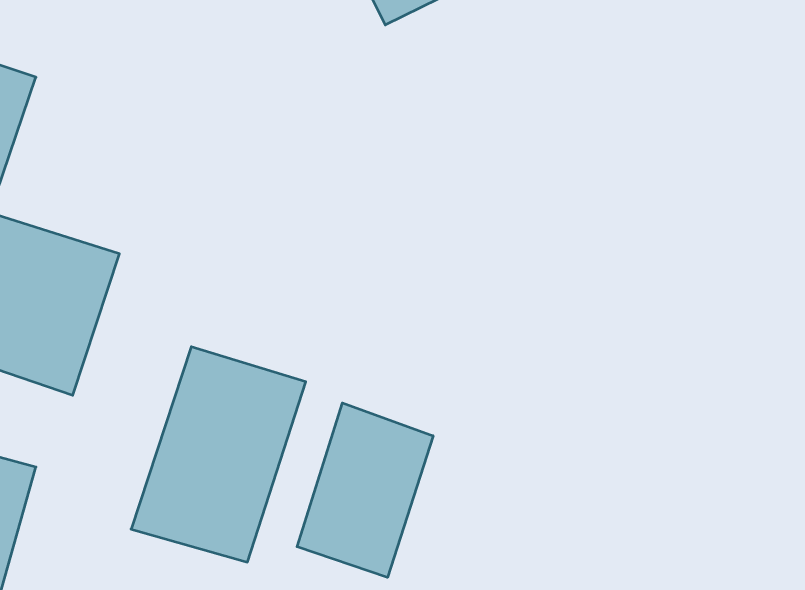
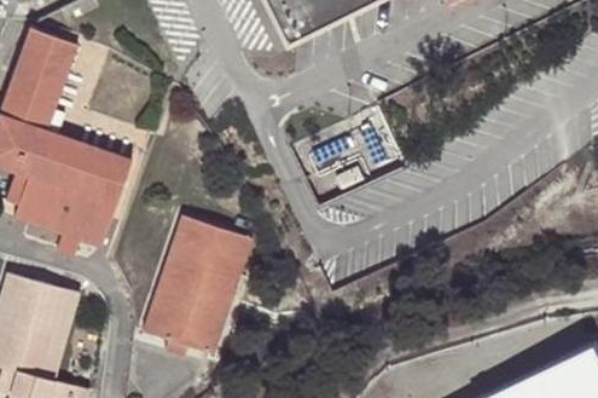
building: [297,403,433,577] -> none

